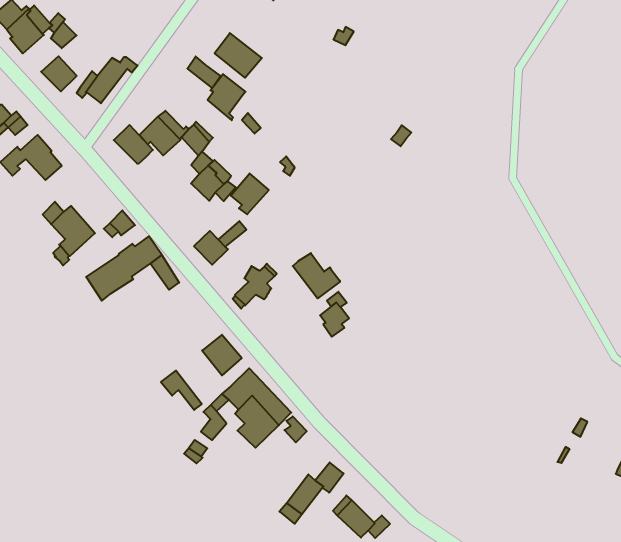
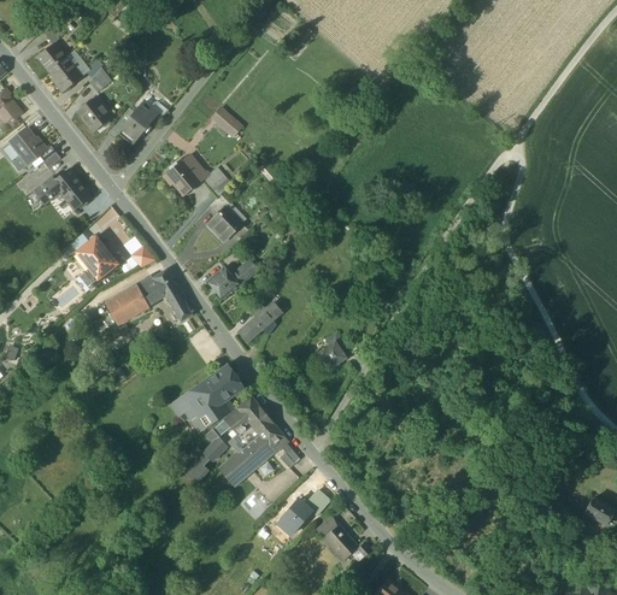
building: [215,33,262,78] -> none
building: [208,74,246,120] -> none
building: [114,125,153,164] -> none
building: [231,173,269,214] -> none
building: [293,253,340,298] -> none
building: none -> [183,377,230,426]
building: none -> [218,453,252,485]

